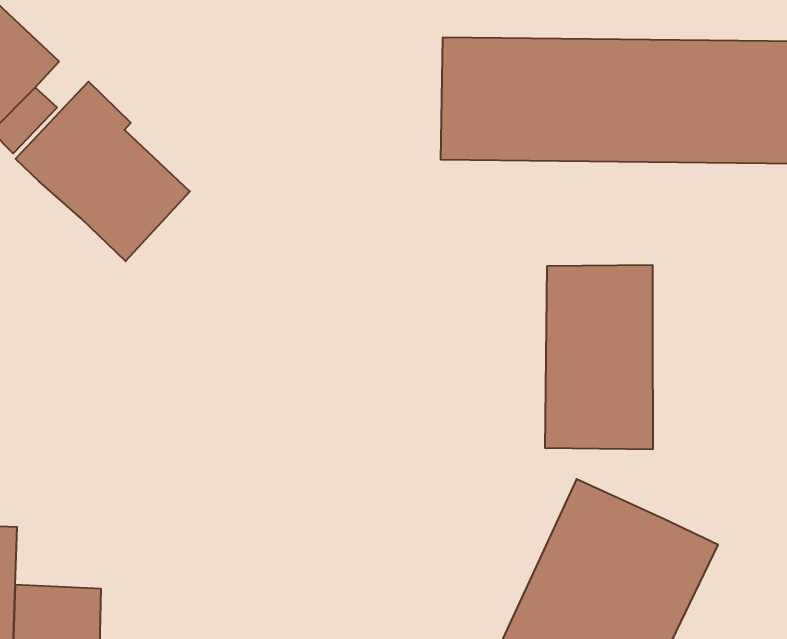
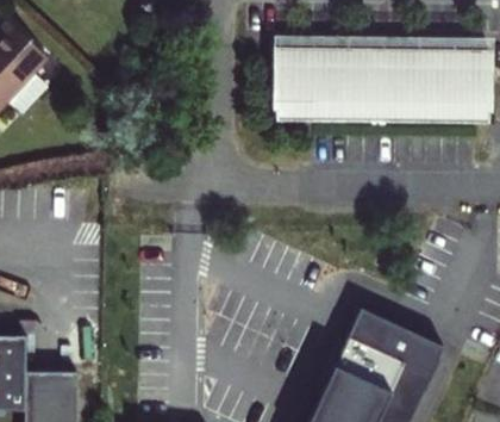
building: [16,82,190,261] -> none
building: [545,265,653,449] -> none

